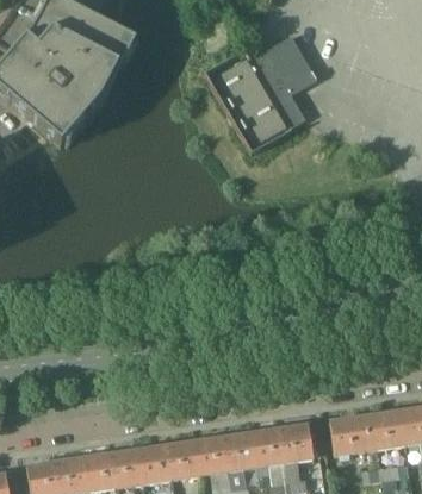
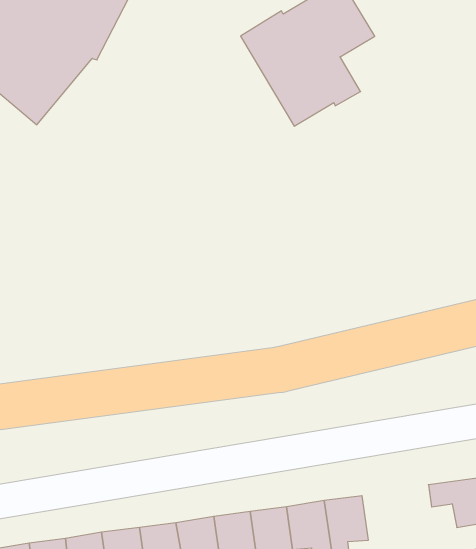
building: [329,415,379,454] -> none

